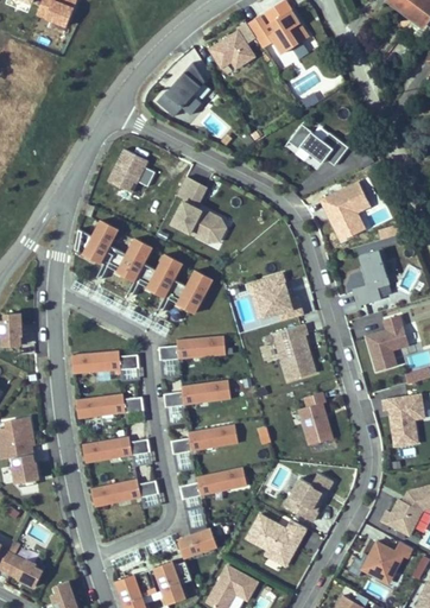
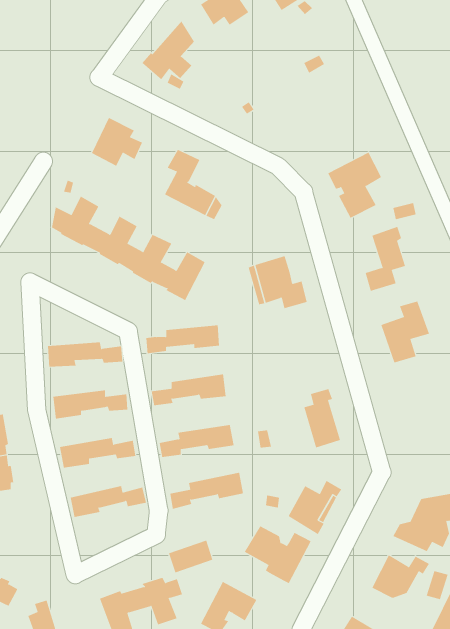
building: [289,125,348,166] -> none
building: [273,323,315,380] -> none
building: [381,395,422,446] -> none

